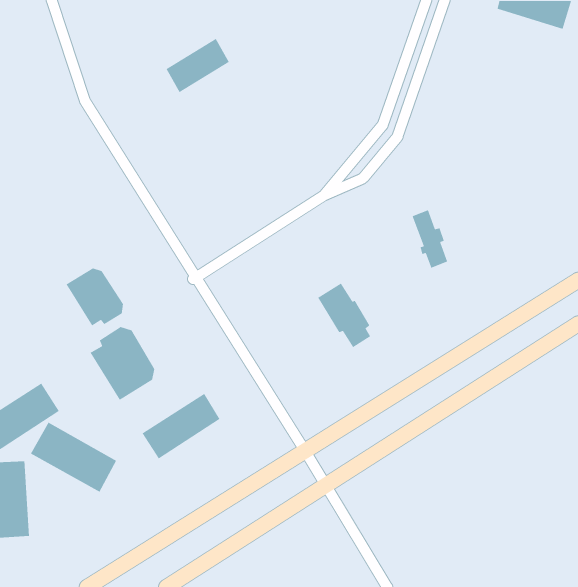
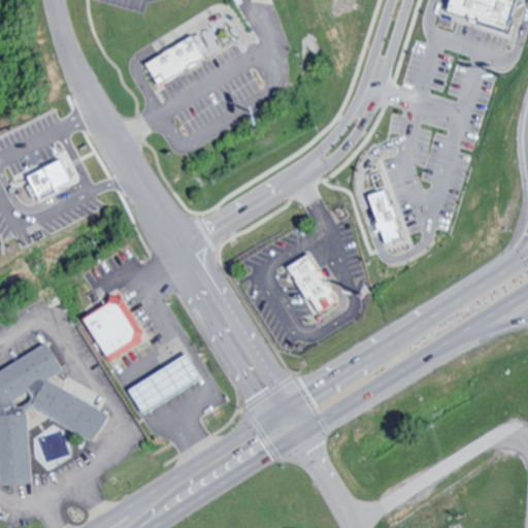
building: none -> [26,158,74,199]
building: [66,268,124,327] -> none

